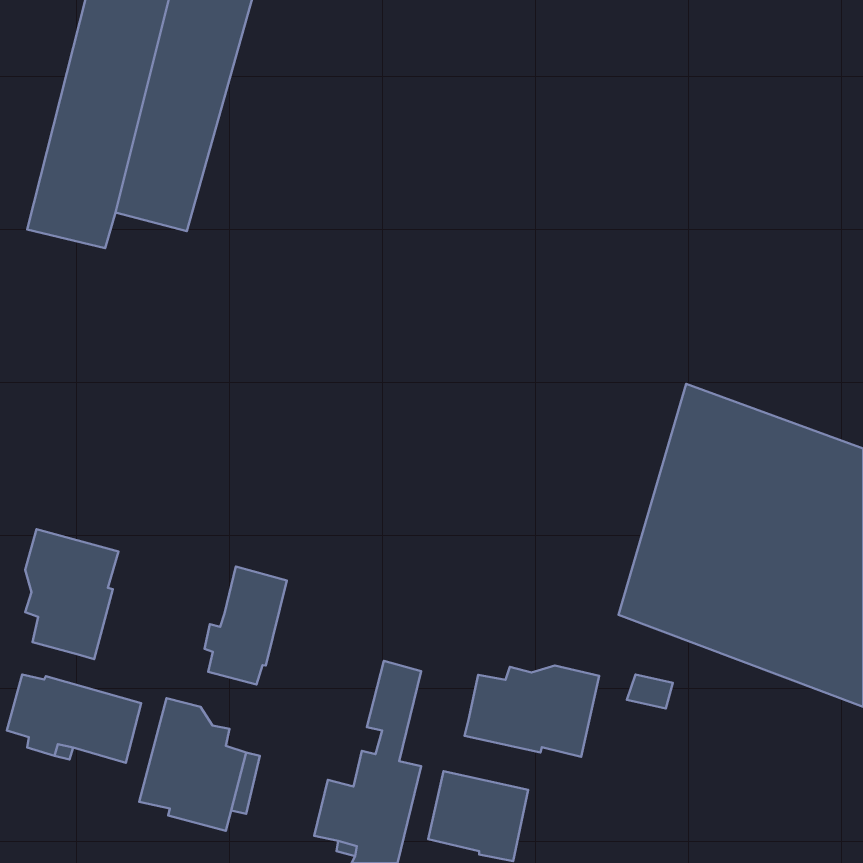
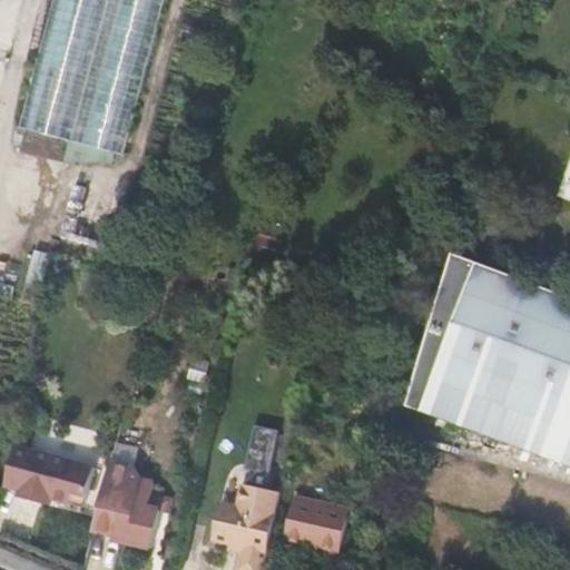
building: [25,529,119,659] -> none
building: [204,566,287,684] -> none
building: [465,666,599,757] -> none

